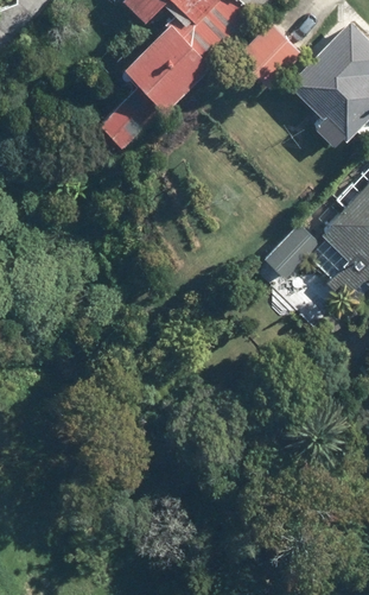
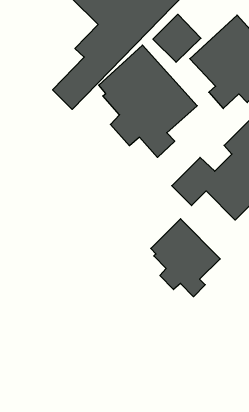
building: none -> [99,45,197,157]
building: none -> [151,219,220,297]

